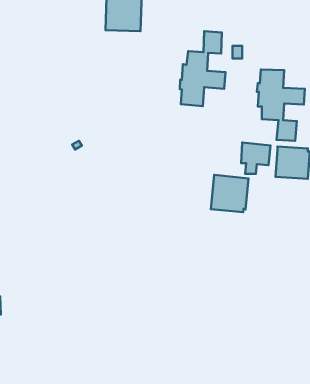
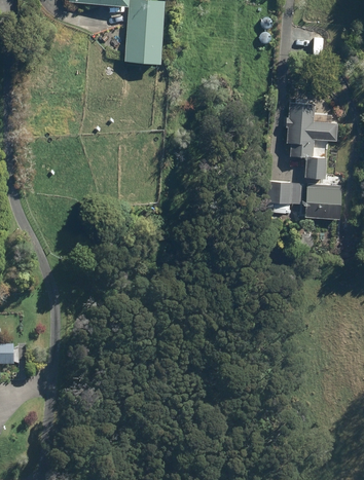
building: [180,31,225,106] -> none
building: [211,175,249,212] -> none

